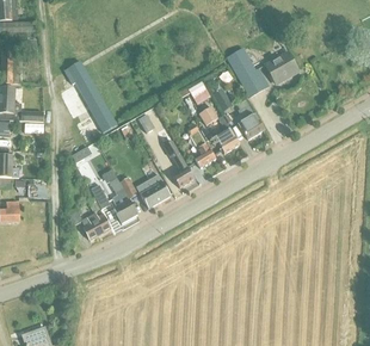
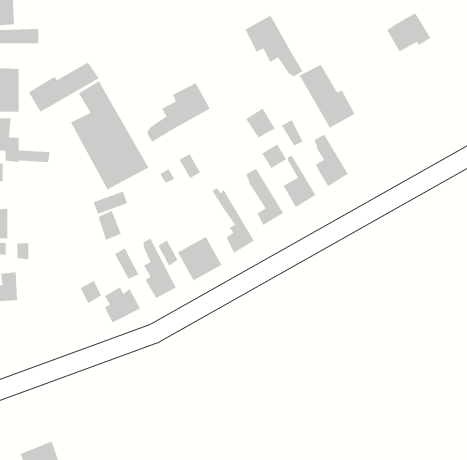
building: none -> [245,15,304,77]
building: none -> [28,62,100,113]
building: [264,51,297,81] -> [386,12,432,53]
building: none -> [147,82,211,143]

